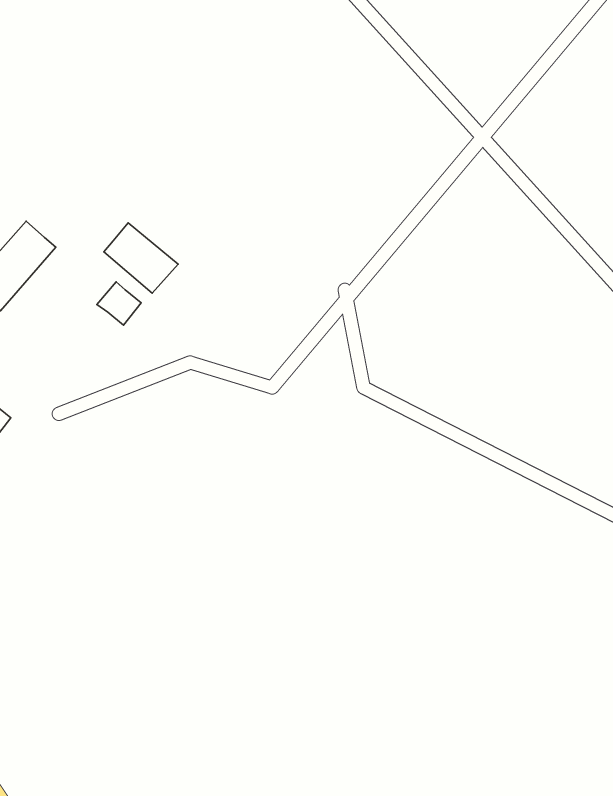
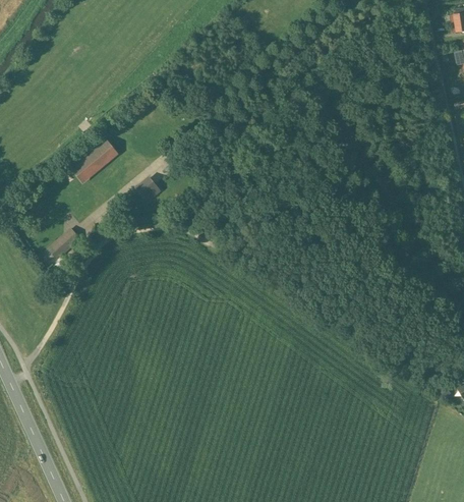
building: [104,223,178,293] -> none

